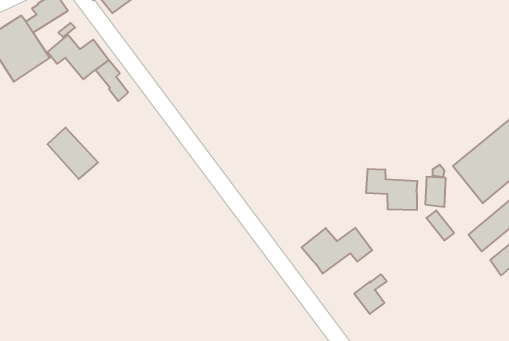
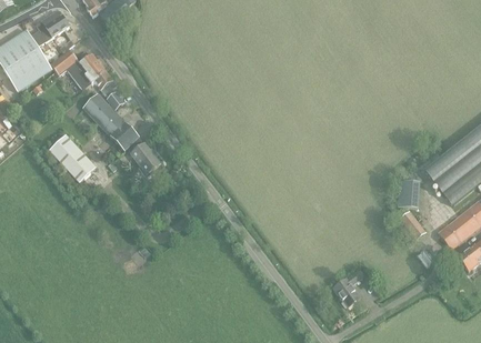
building: none -> [83,93,160,175]
building: [366,169,417,210] -> none
building: [301,228,372,274] -> none

